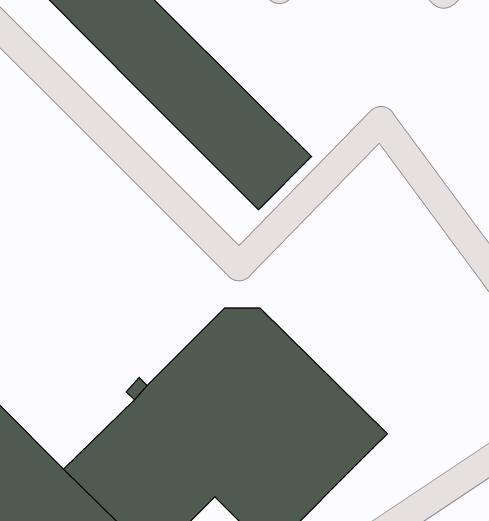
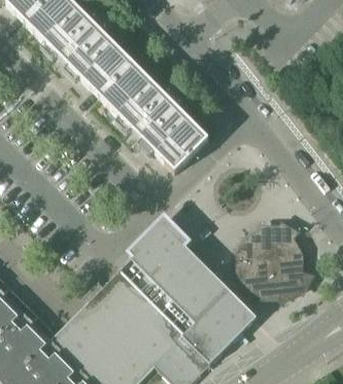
building: none -> [236,227,304,295]

